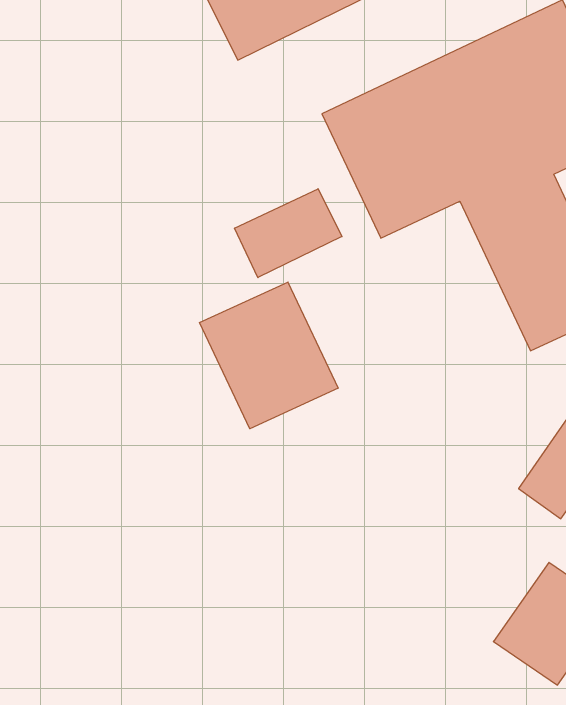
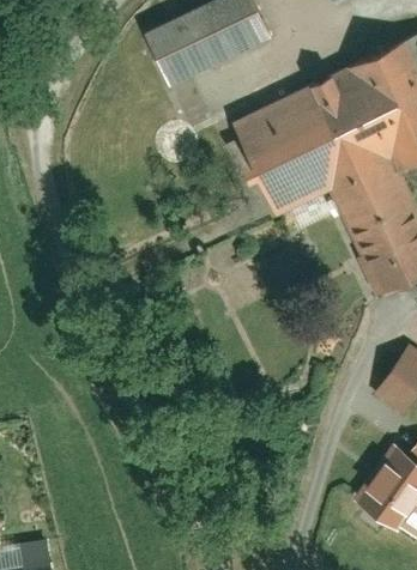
building: [235,189,342,278] -> none
building: [200,282,338,429] -> none

